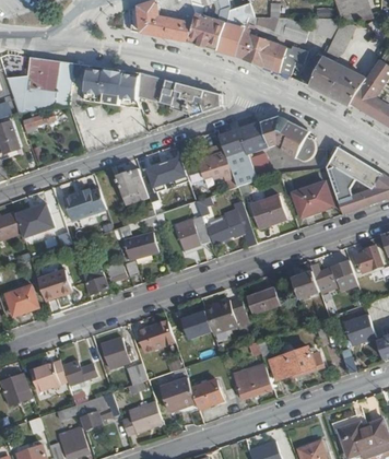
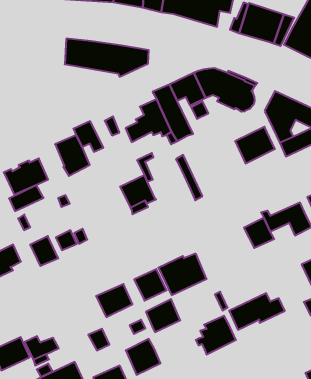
building: [81,63,139,107] -> none
building: [249,195,285,227] -> none
building: [205,209,243,239] -> none
building: [123,231,157,256] -> none
building: [247,287,283,314] -> none
building: [95,338,132,368] -> none
building: [190,378,223,409] -> [146,299,180,332]

